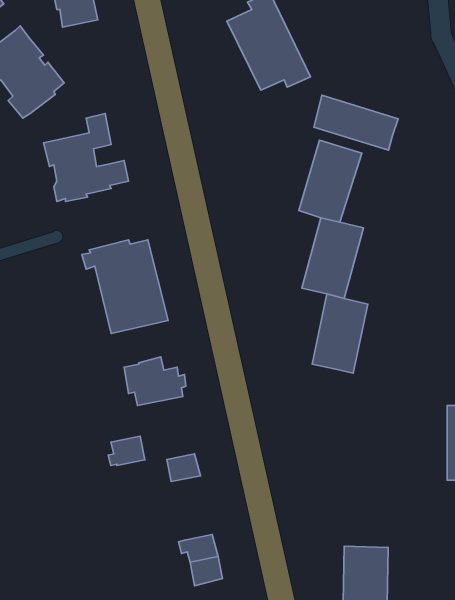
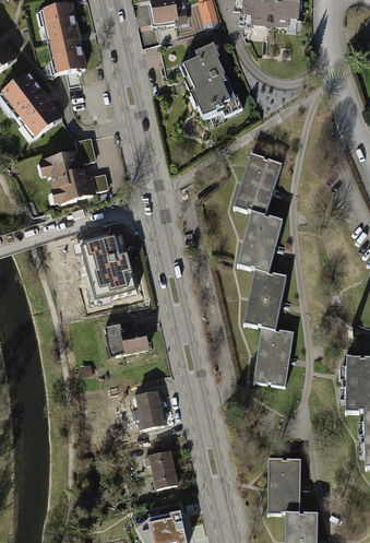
building: [314,95,398,150] -> none
building: none -> [251,326,291,386]
building: [108,436,145,466] -> [136,405,164,427]

